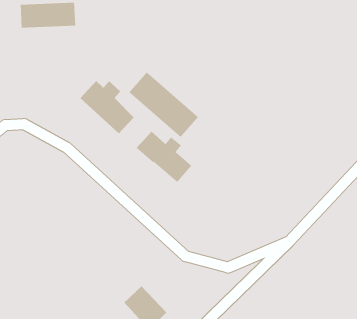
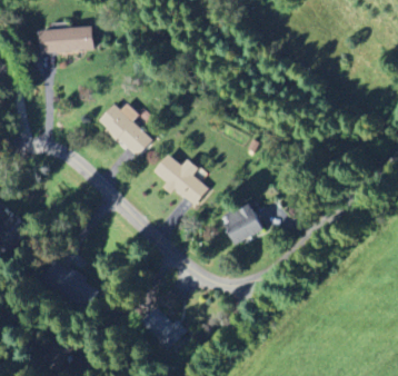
building: [128,72,199,138] -> none
building: none -> [222,204,262,244]

